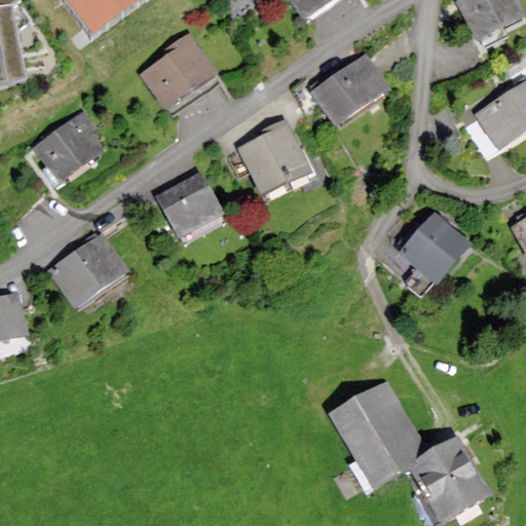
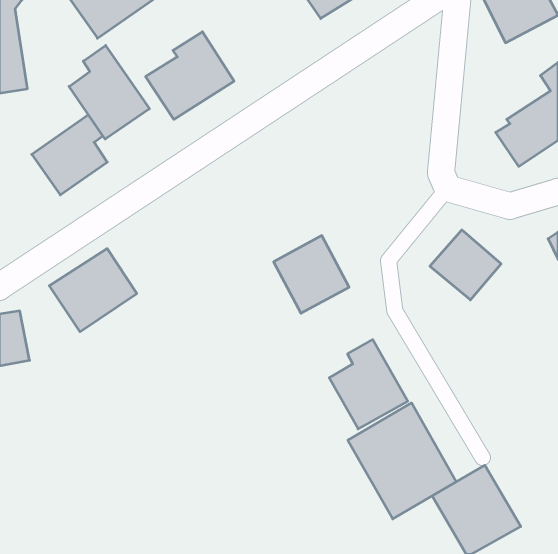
building: none -> [69,45,149,139]
building: [313,55,387,123] -> none
building: [240,123,311,196] -> [274,236,349,313]
building: [159,176,223,241] -> none
building: none -> [329,340,408,429]

